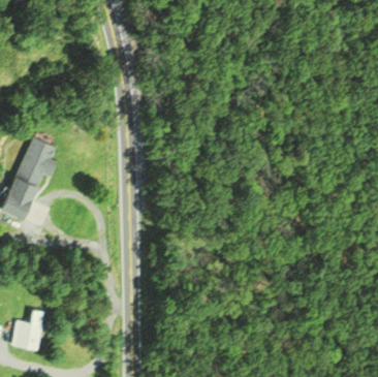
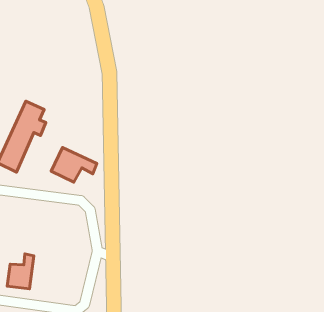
building: none -> [51,148,97,182]

